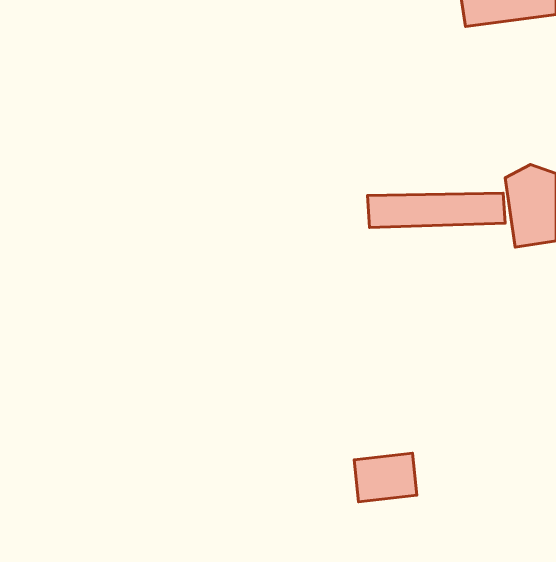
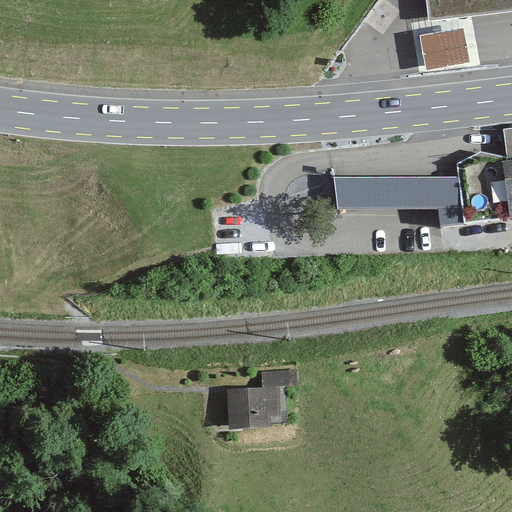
building: none -> [420,25,469,70]
building: [354,453,417,502] -> [230,385,287,429]

